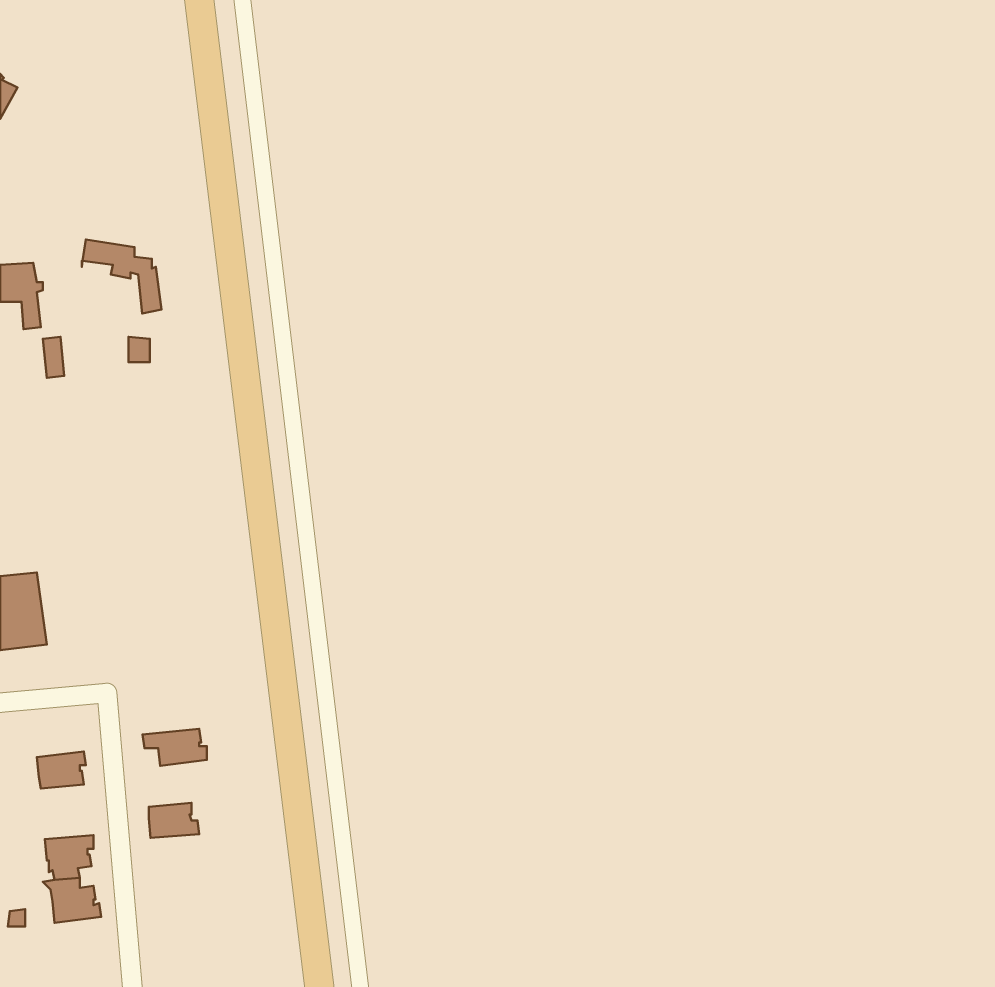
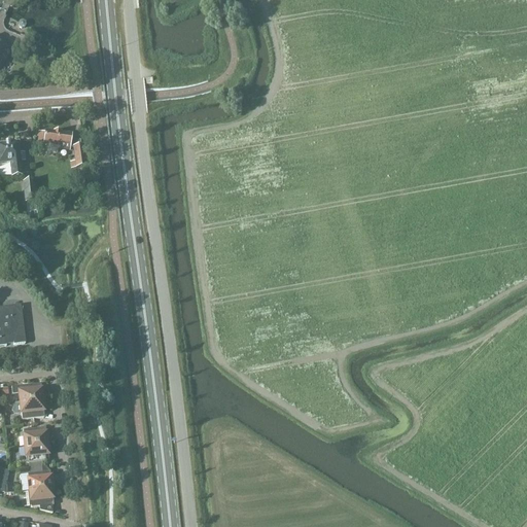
building: [143,729,207,766] -> [10,381,44,400]
building: [149,803,199,838] -> [23,425,49,444]
building: none -> [25,485,55,511]

